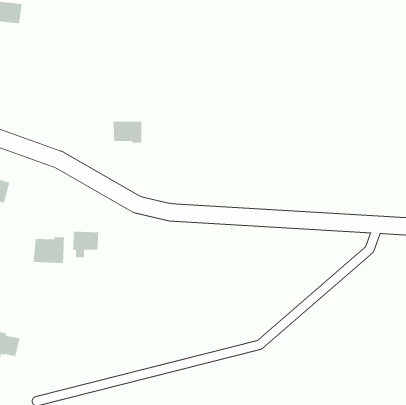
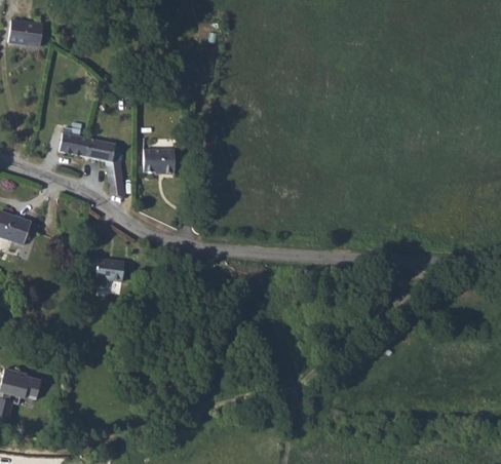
building: none -> [60,132,121,188]
building: [33,237,64,264] -> none

